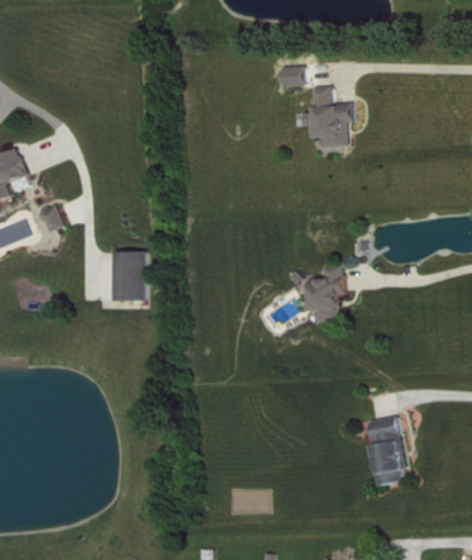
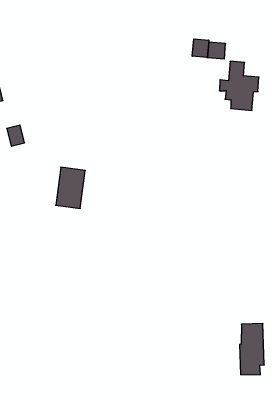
building: none -> [192,39,209,58]
building: [309,265,343,320] -> none

